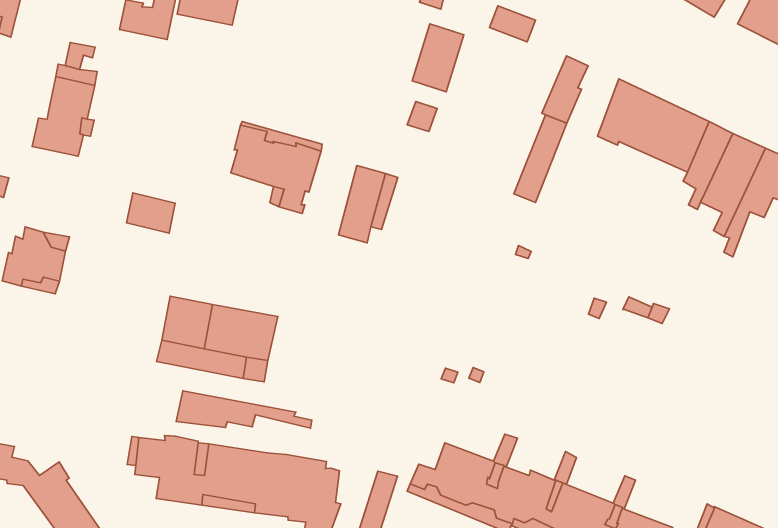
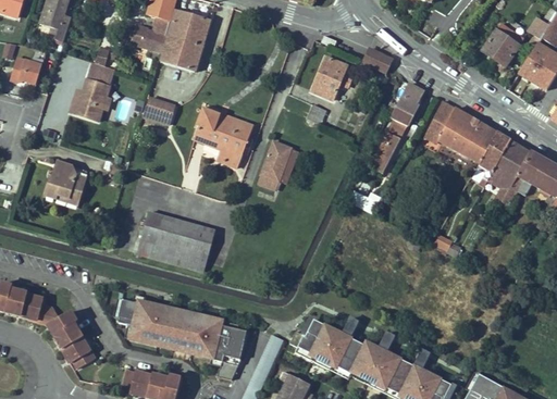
building: none -> [161,36,202,71]
building: [127,193,175,233] -> [144,97,175,124]
building: [176,391,312,428] -> none

